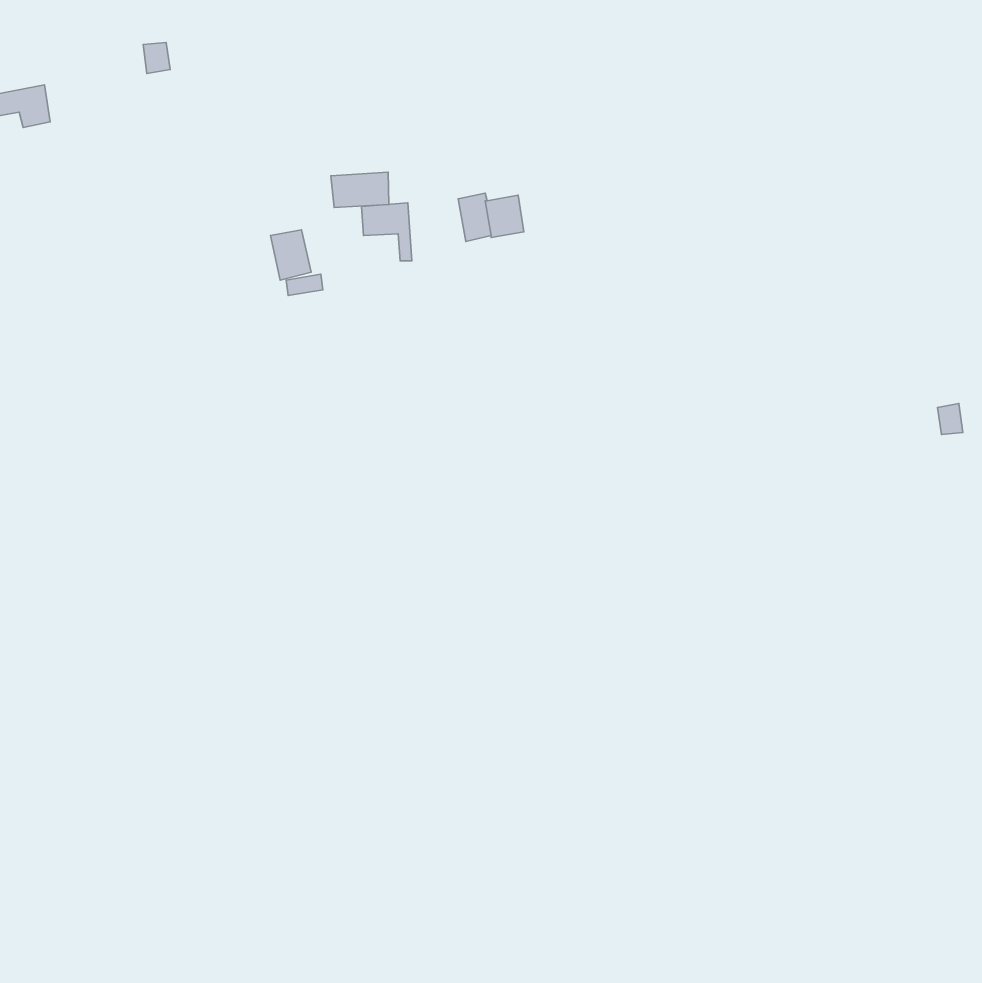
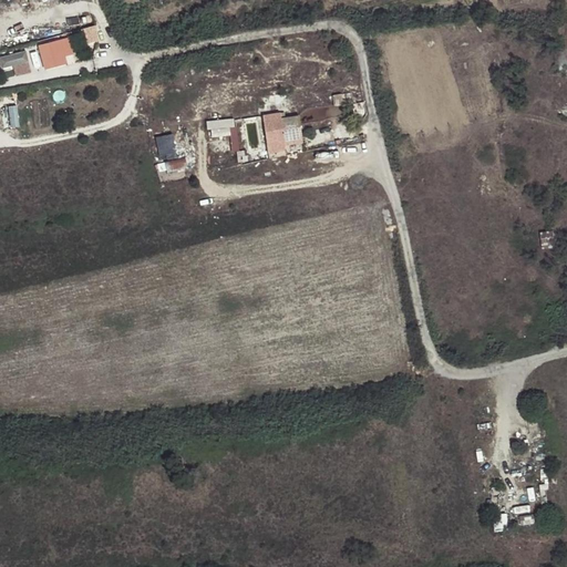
building: none -> [35,37,73,71]
building: [331,172,389,208] -> none

